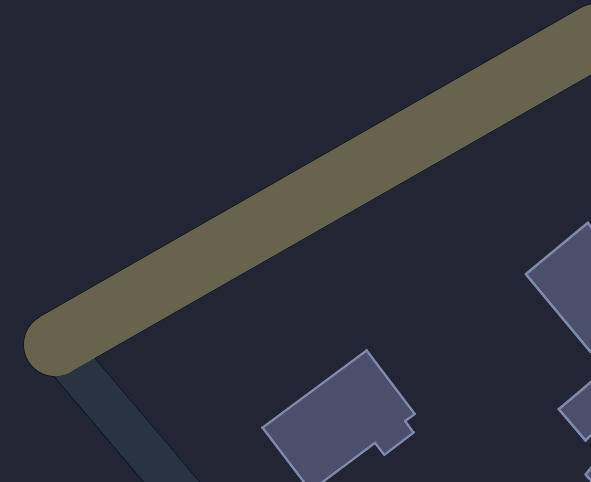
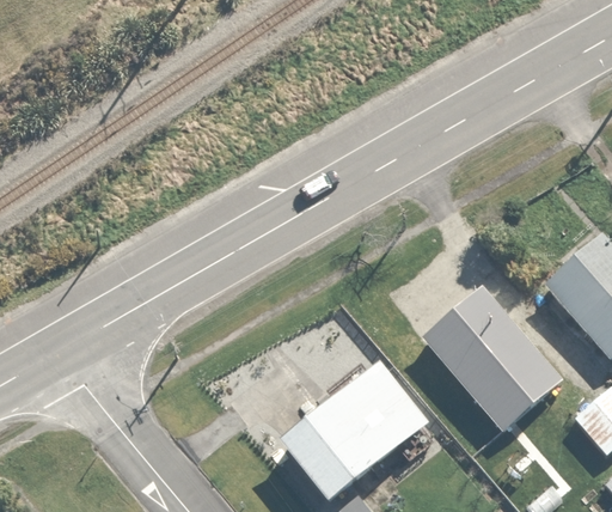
building: none -> [423,285,563,431]

